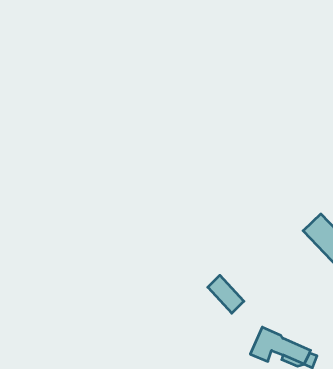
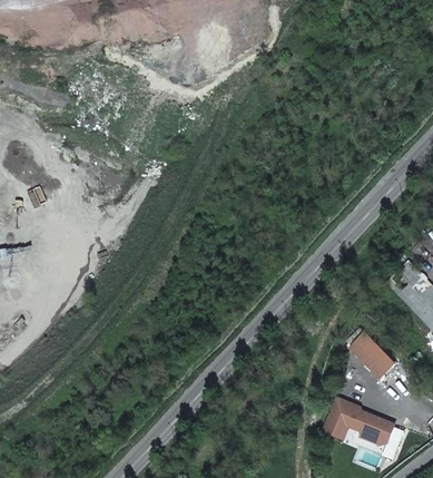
building: [208,275,244,313] -> [352,332,395,378]

